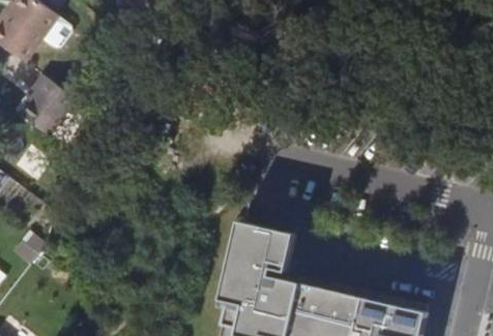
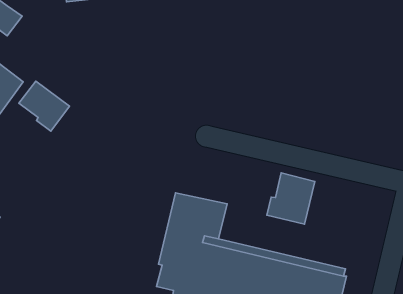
building: none -> [19,81,69,131]
building: none -> [267,173,315,224]

